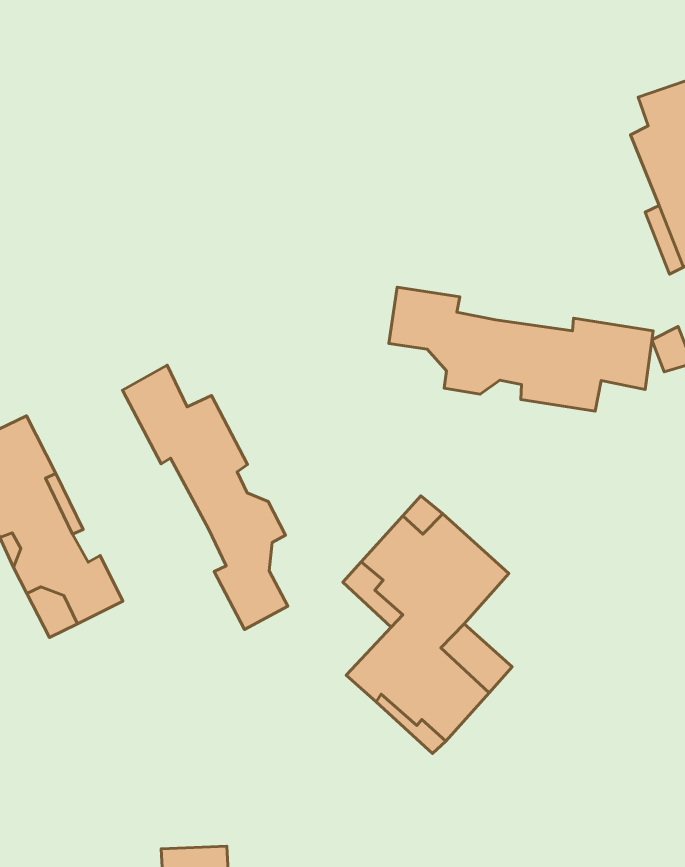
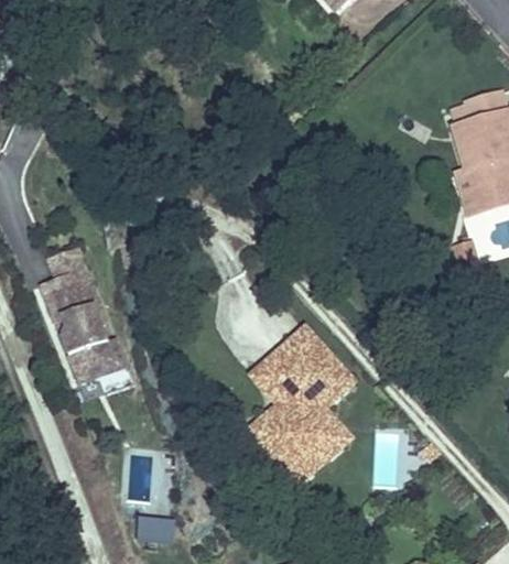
building: [389,287,653,411] -> none
building: [123,365,288,629] -> none

